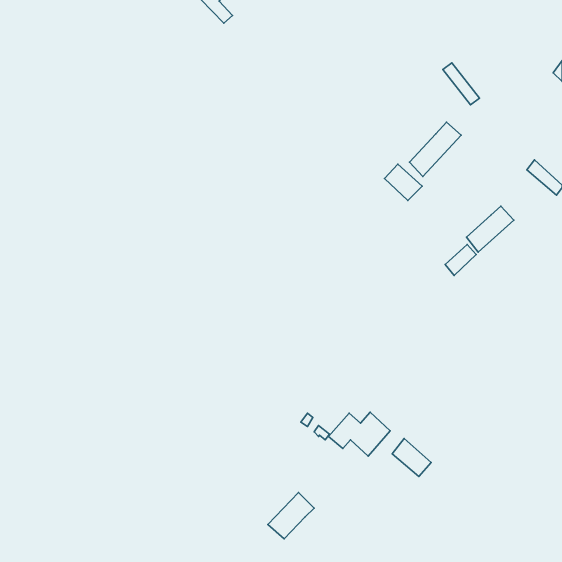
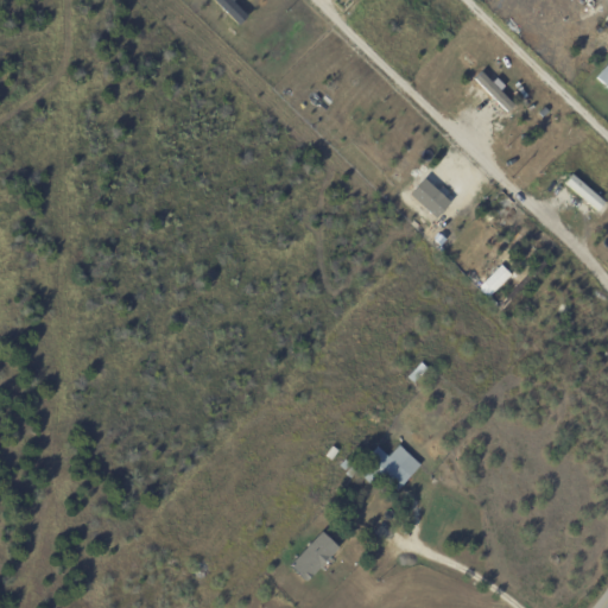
building: [409,122,461,177] -> none
building: [466,206,514,252] -> none
building: [392,439,431,476] -> none

